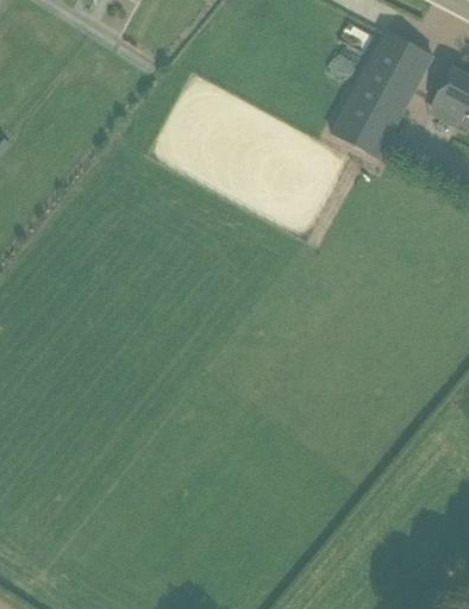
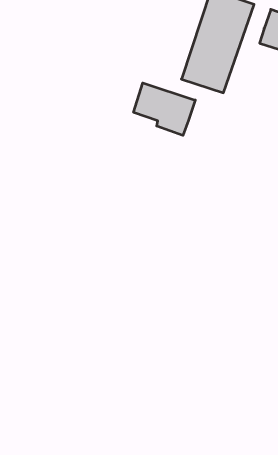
building: none -> [134,83,195,135]

